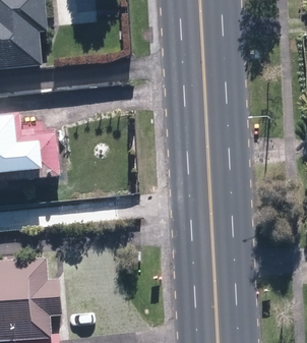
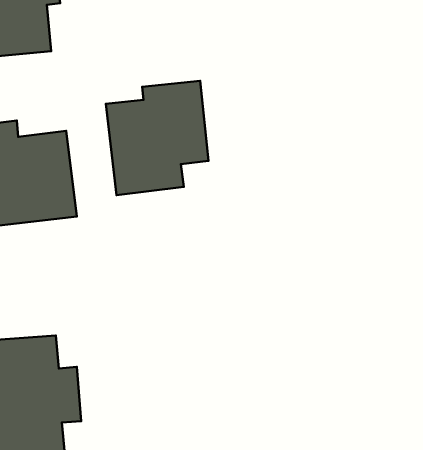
building: none -> [106,81,208,195]

